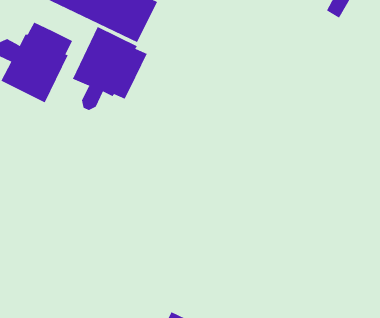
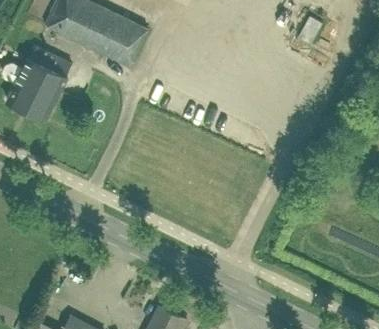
building: [72,26,147,111] -> none

